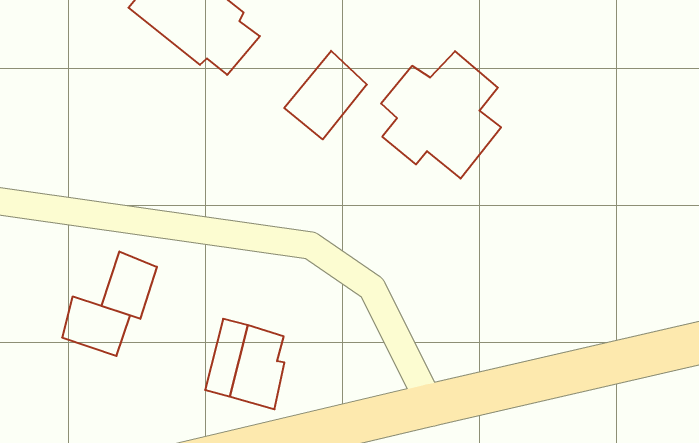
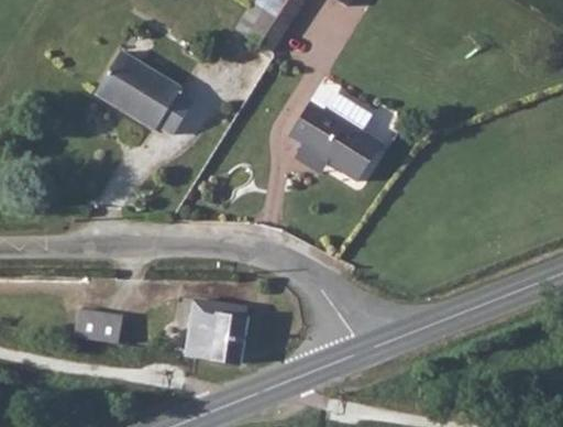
building: [284,51,367,139] -> none
building: [101,251,157,319] -> none

